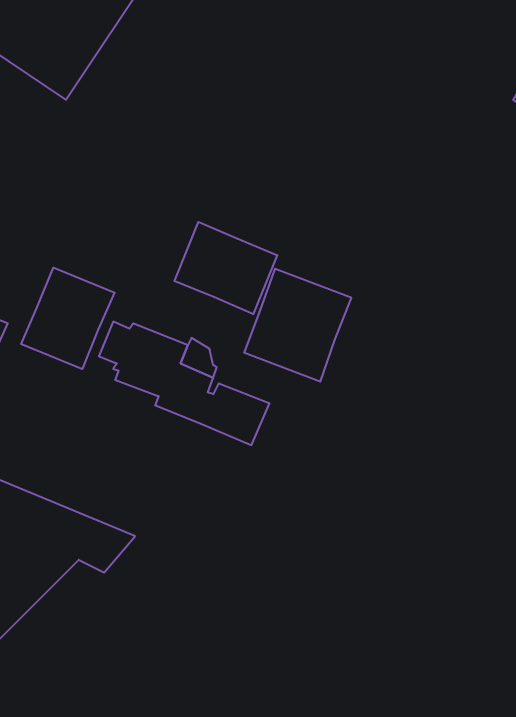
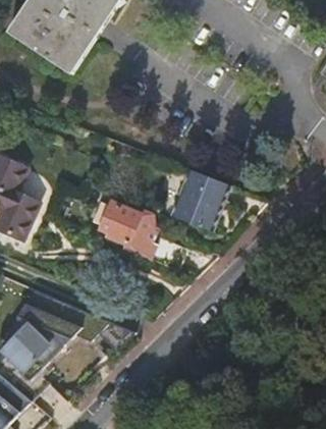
building: [174,222,277,314] -> none
building: [21,268,115,369] -> none

